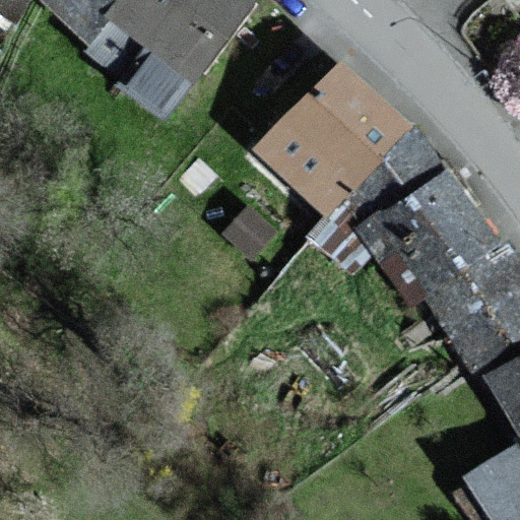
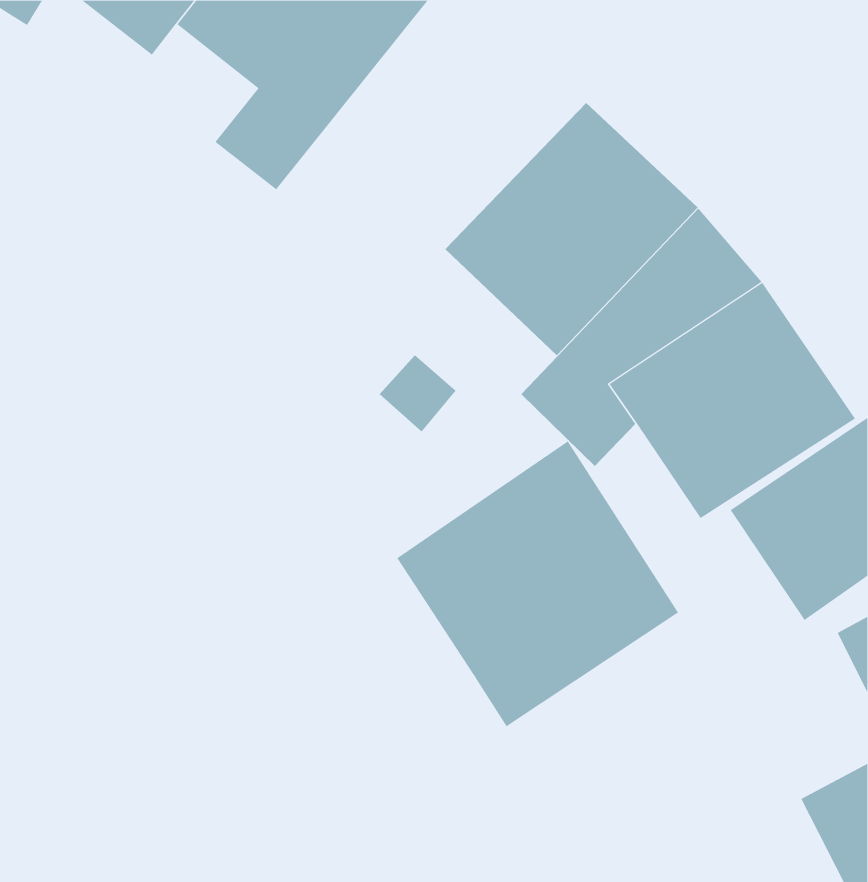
building: none -> [397,441,679,727]

